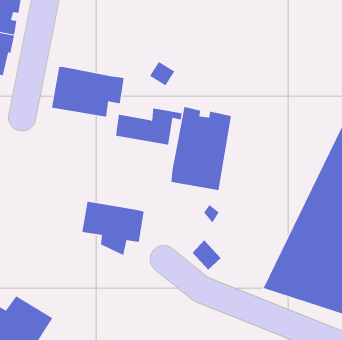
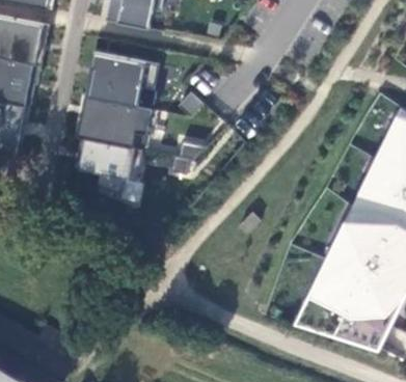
building: none -> [90,53,161,107]
building: [171,106,232,191] -> none
building: [82,201,145,256] -> [80,140,143,195]

